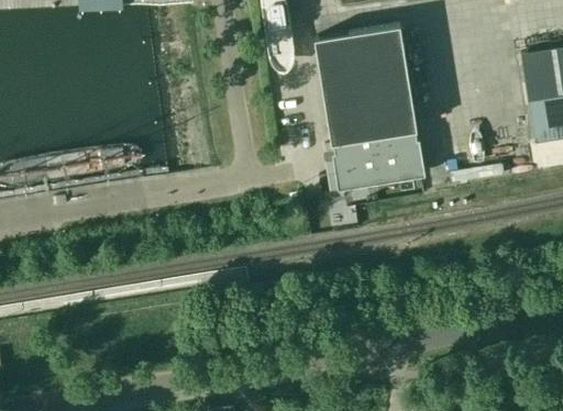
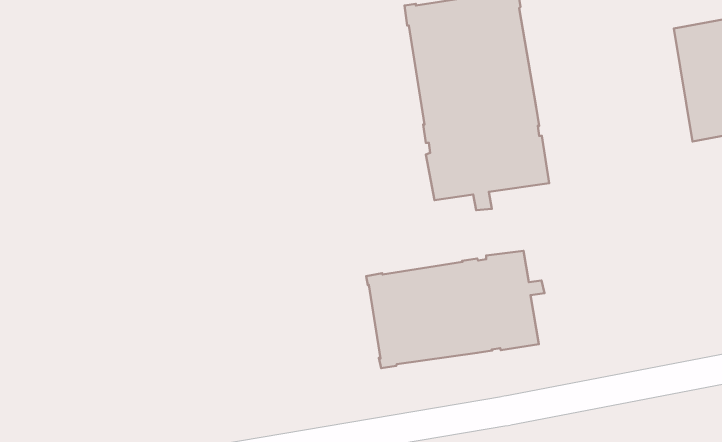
building: none -> [366,251,544,368]

